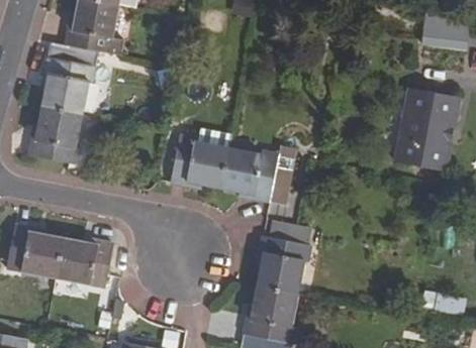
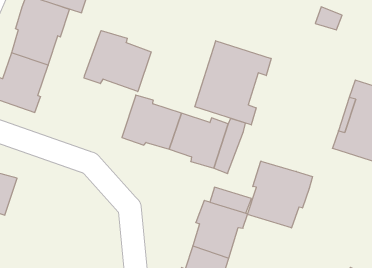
building: none -> [195,41,271,125]
building: none -> [84,31,151,92]
building: none -> [248,161,313,228]
building: [56,236,113,286] -> none

